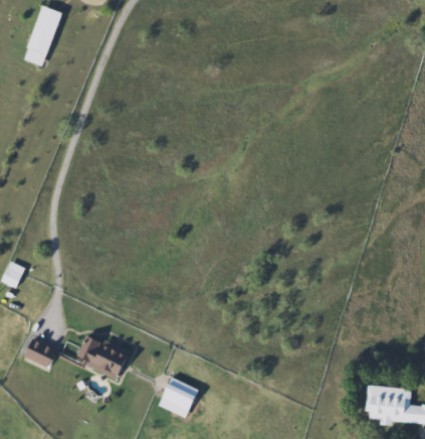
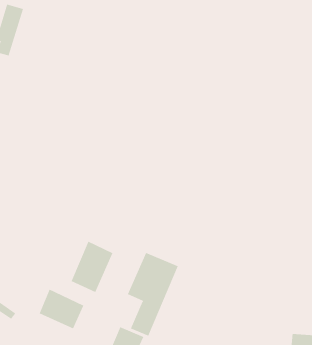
building: none -> [71,241,113,293]
building: none -> [127,252,179,336]

